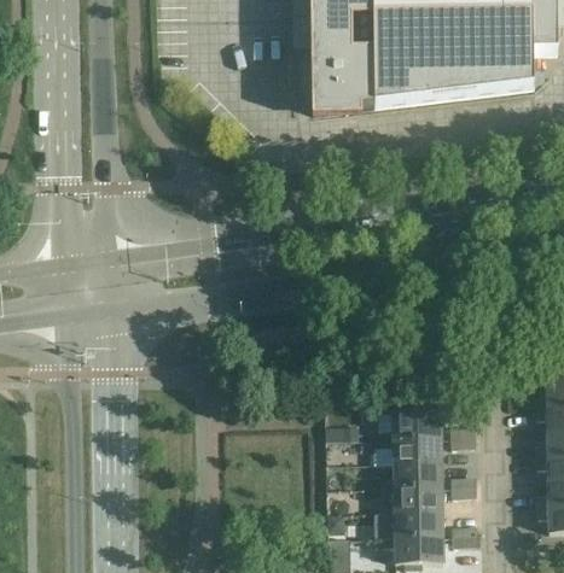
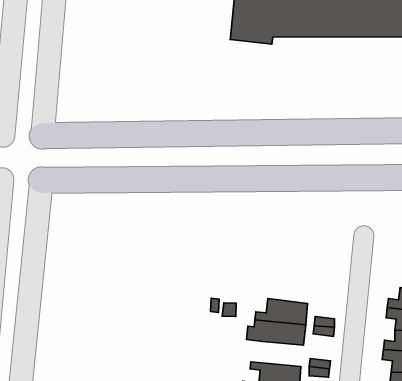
building: [382,464,441,491] -> none

